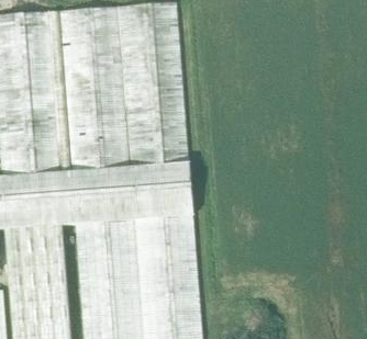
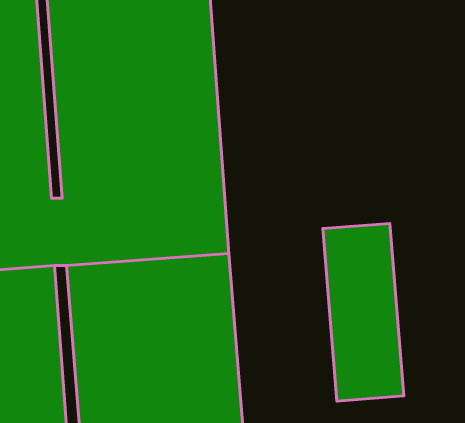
building: none -> [323,223,404,401]

